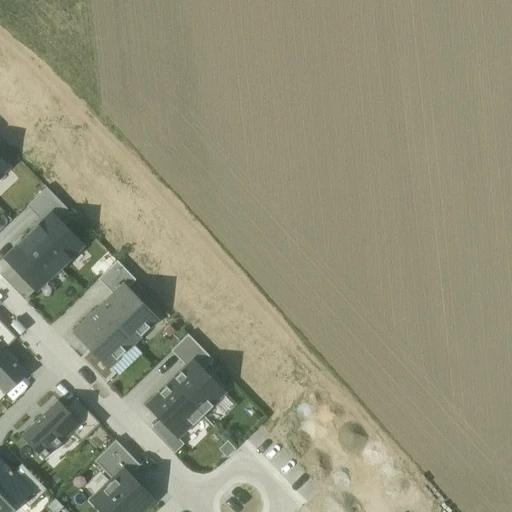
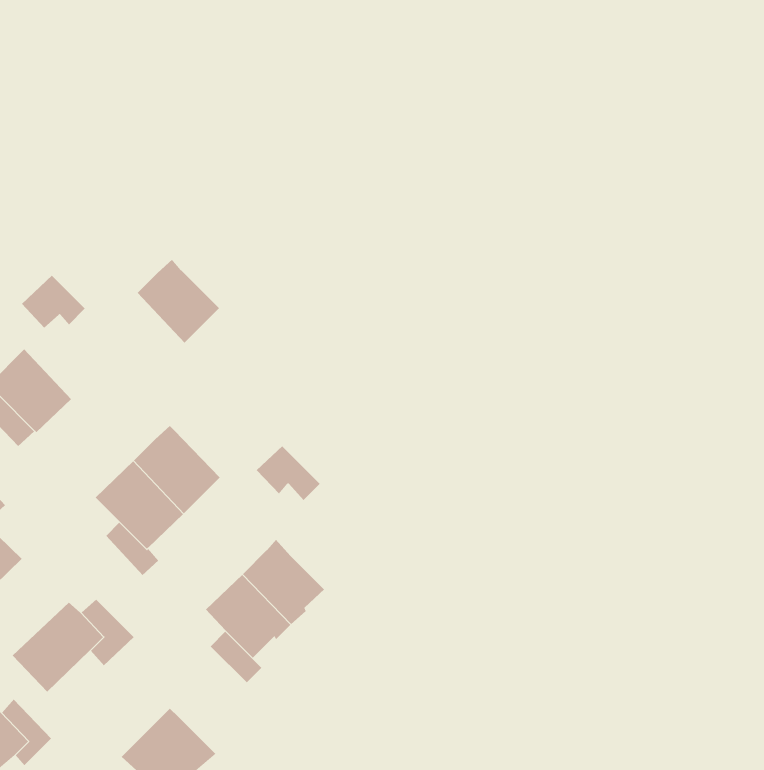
building: [28,213,82,268] -> [137,259,220,343]
building: [98,261,135,294] -> none
building: [171,334,213,370] -> [256,446,320,501]
building: [94,440,140,480] -> none

